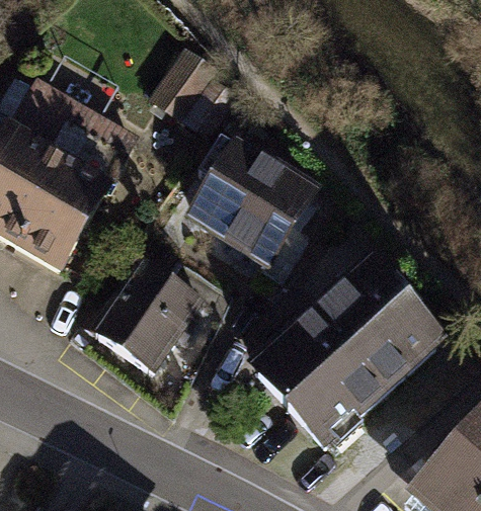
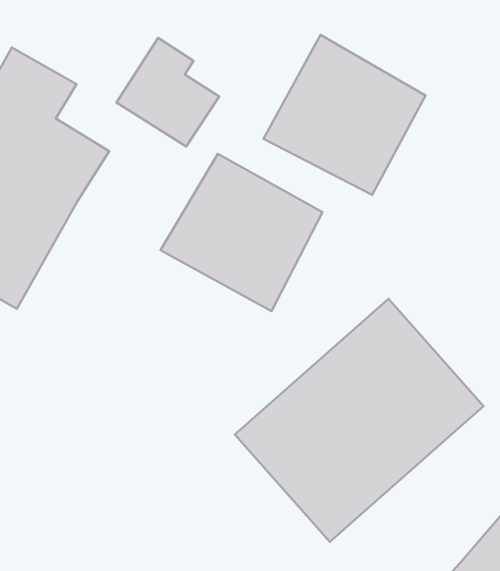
building: none -> [263,35,426,195]
building: [80,254,201,371] -> none

